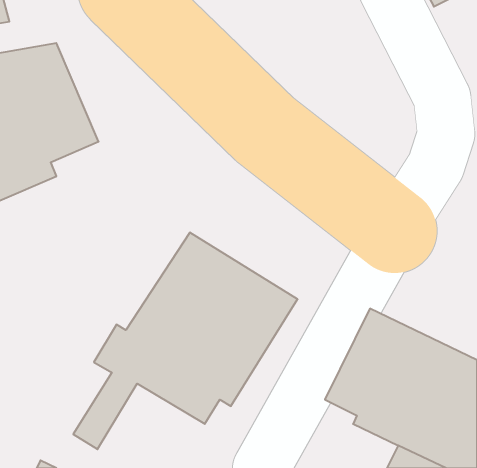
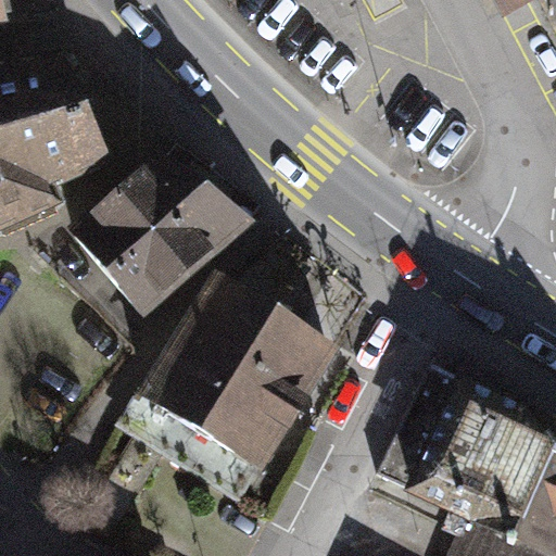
building: none -> [67,150,258,319]

